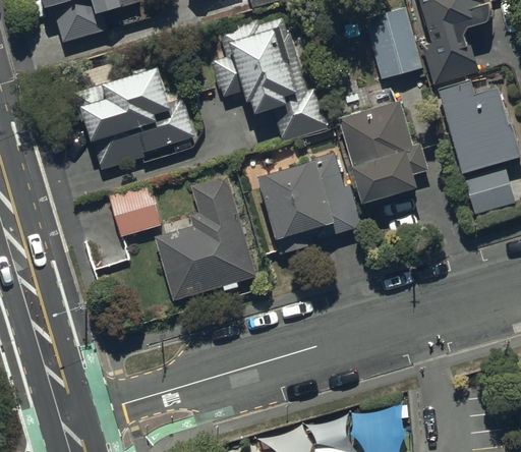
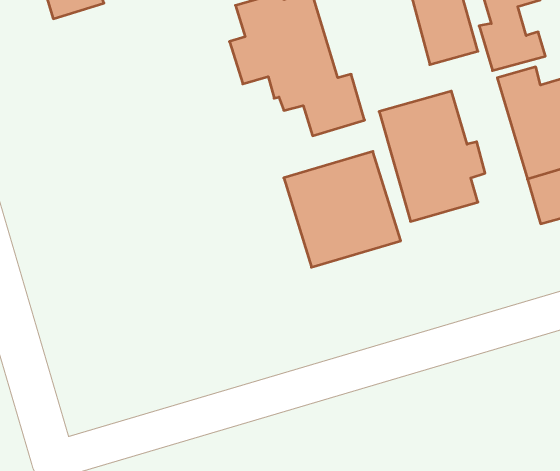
building: [83,73,192,168] -> none
building: [155,176,256,301] -> none
building: [107,183,160,236] -> none

